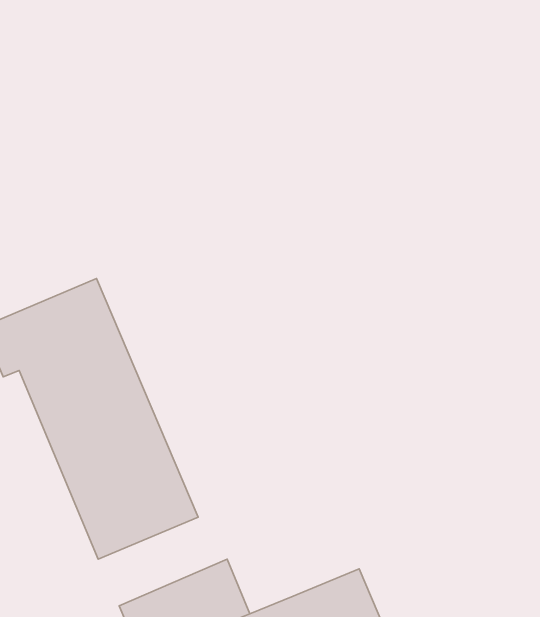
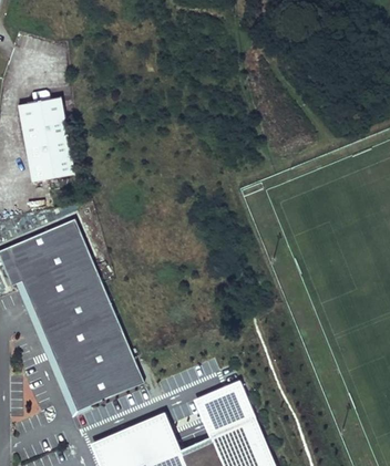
building: none -> [18,96,73,180]
building: none -> [194,380,255,436]

